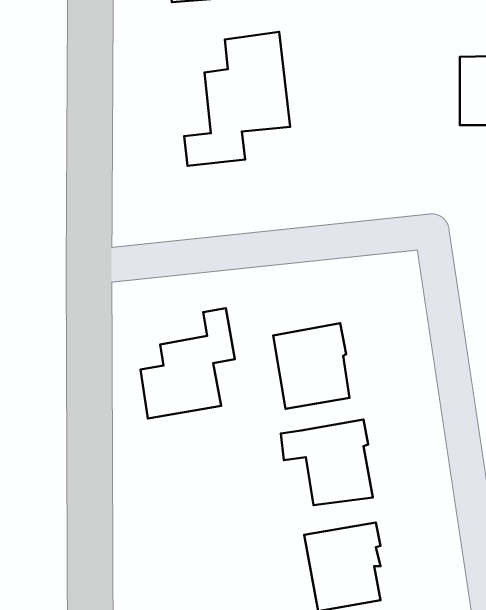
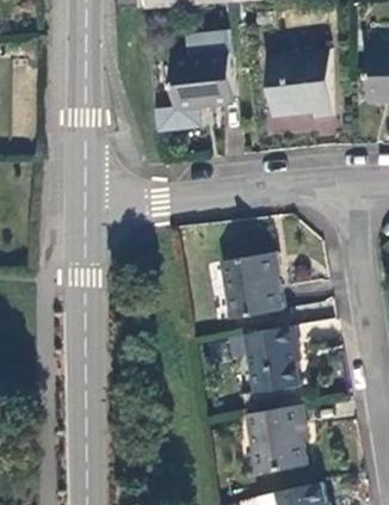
building: none -> [267,48,331,116]
building: [141,308,235,418] -> none

